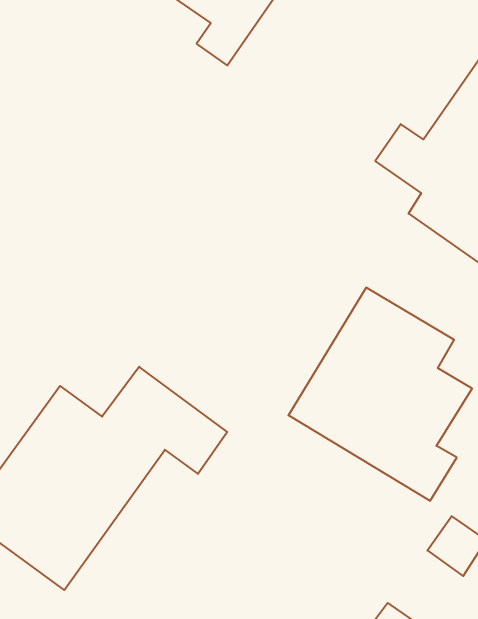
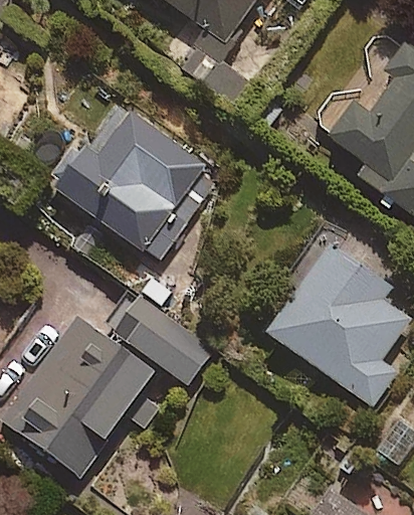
building: none -> [60,103,220,260]

